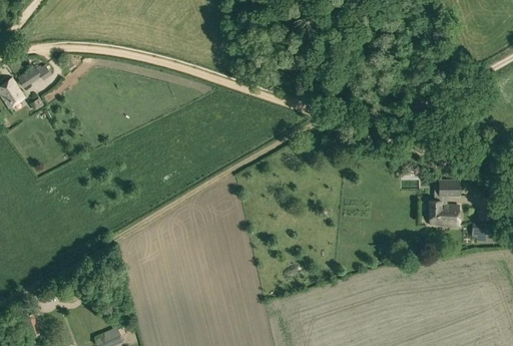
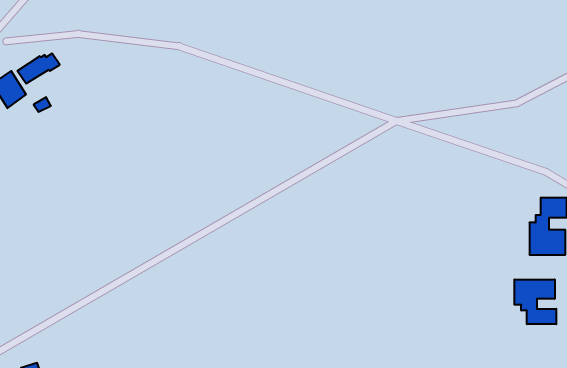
building: none -> [514,279,556,324]

